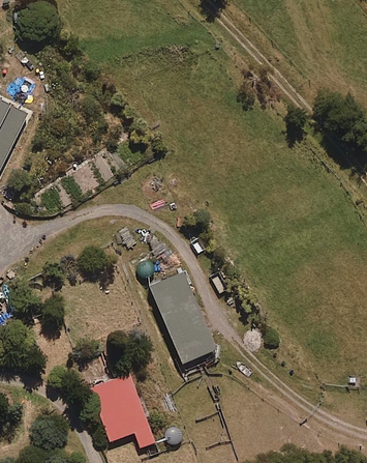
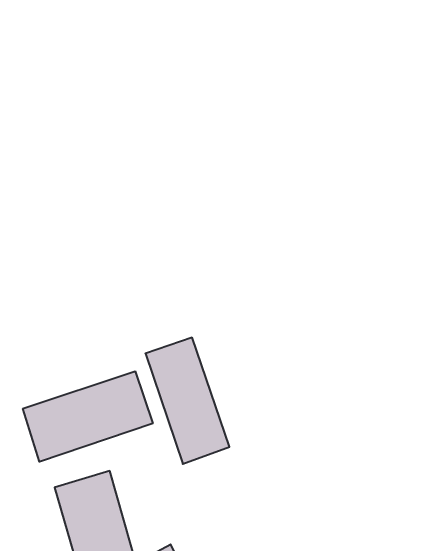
building: none -> [23,371,153,462]

